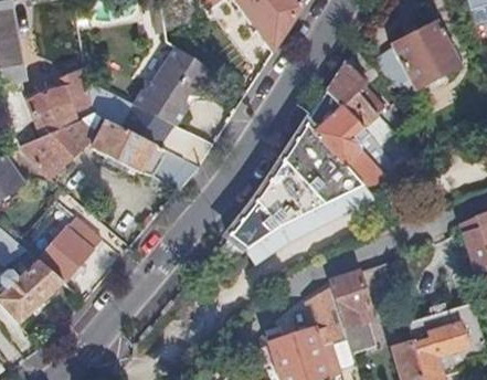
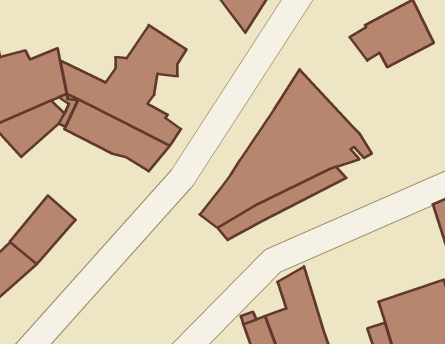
building: [326,60,395,147] -> none
building: [328,270,374,351] -> none

